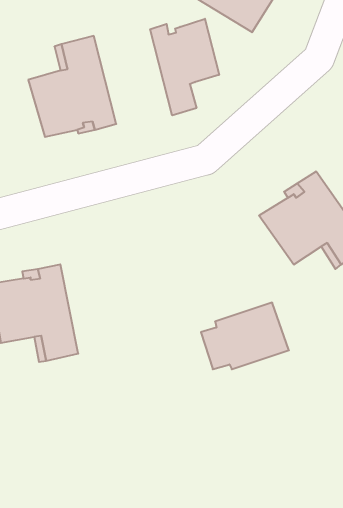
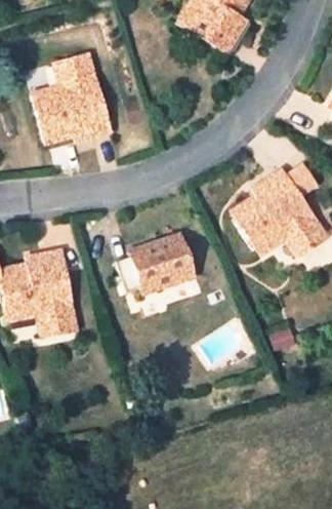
building: [150,19,219,115] -> none
building: [201,303,289,369] -> [119,233,195,290]

